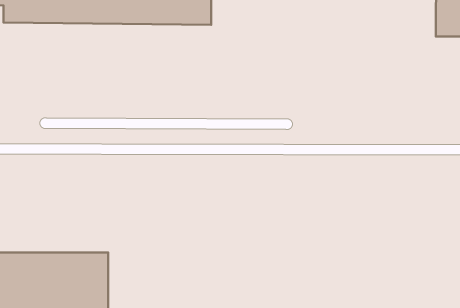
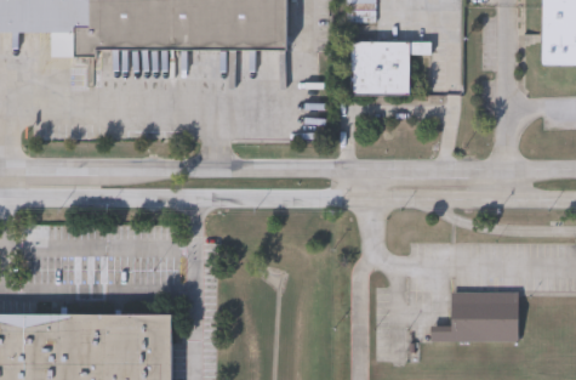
building: none -> [350,45,432,98]
building: none -> [430,291,519,341]

